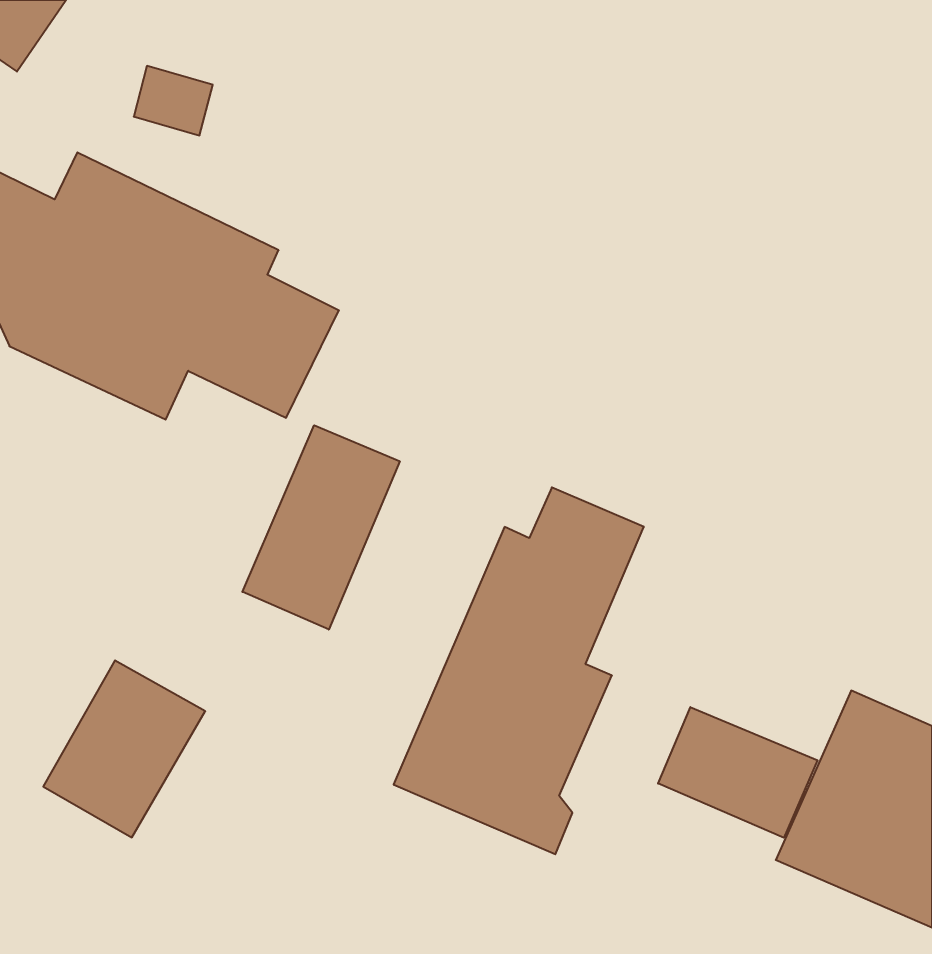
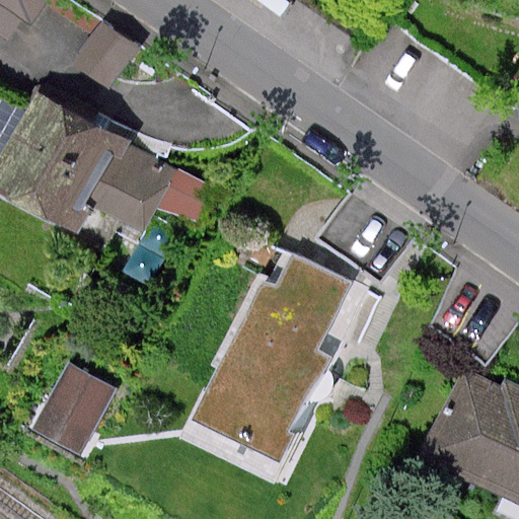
building: [242,425,400,630] -> none
building: [658,707,818,838] -> none

